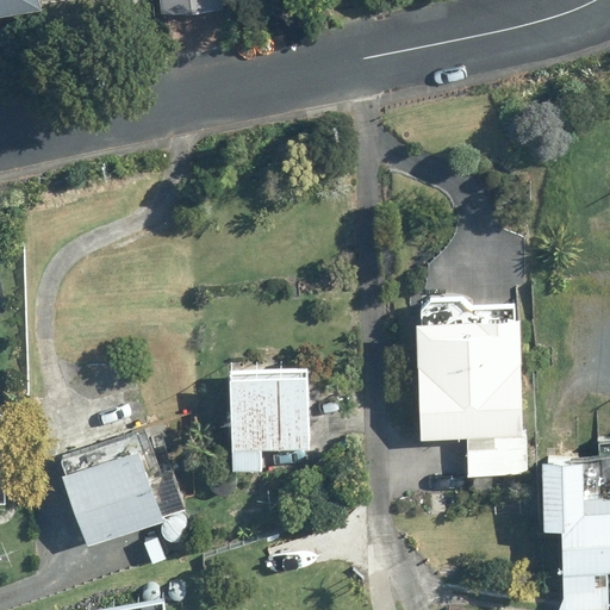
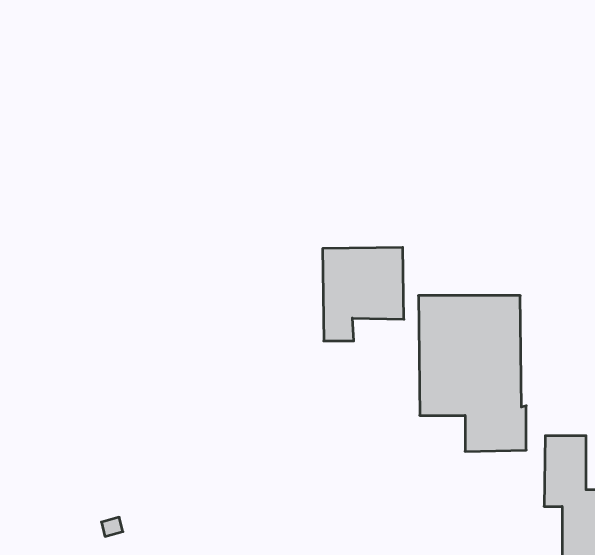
building: [230,374,311,467] -> [323,247,404,341]
building: [63,449,164,546] -> none

